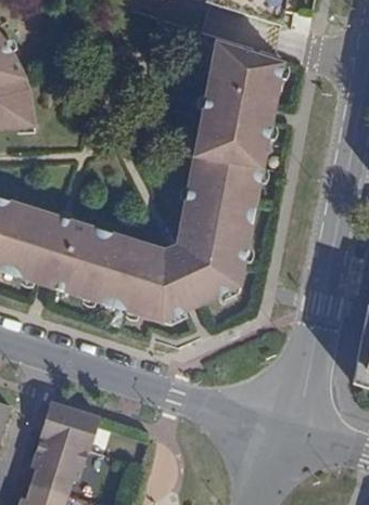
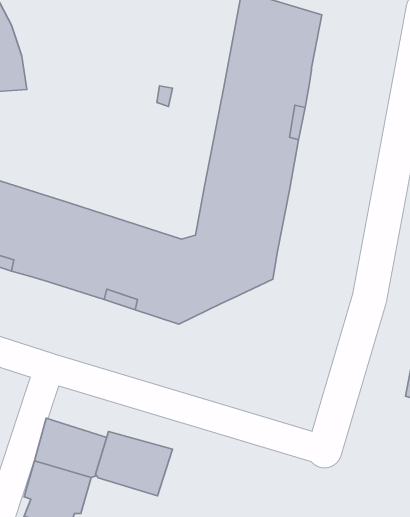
building: none -> [96,431,173,496]

